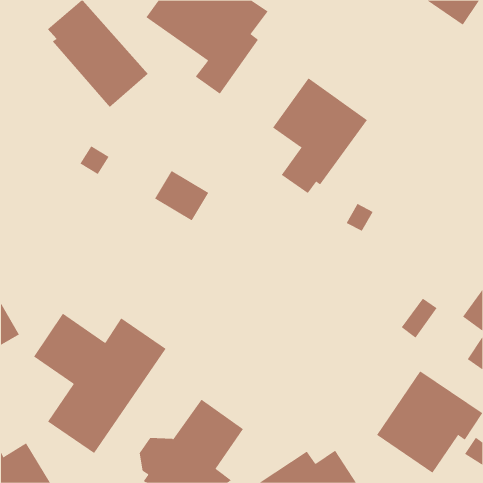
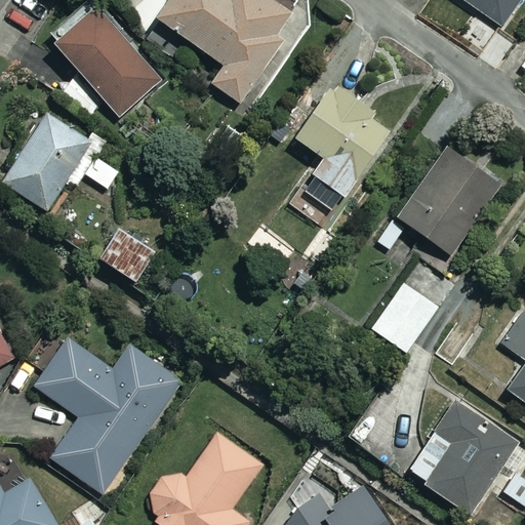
building: none -> [4,115,91,210]
building: none -> [398,149,499,254]
building: [154,170,209,221] -> [99,229,159,284]
building: none -> [372,283,439,353]

